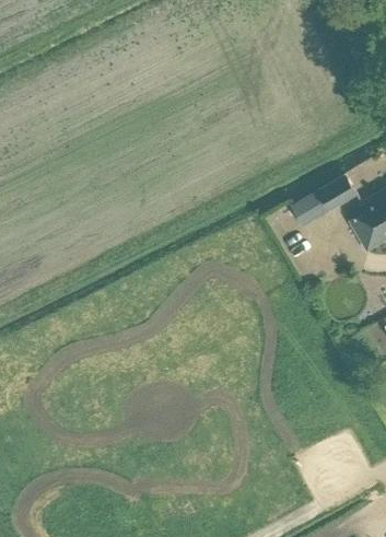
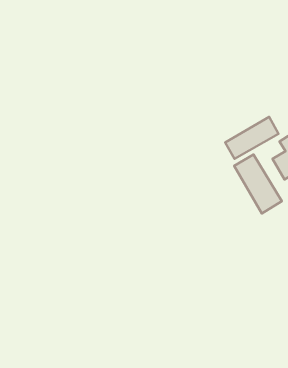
building: none -> [234,155,282,214]

